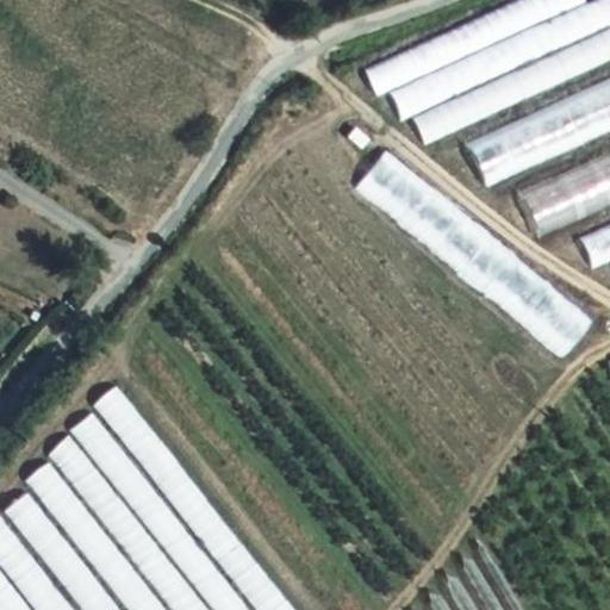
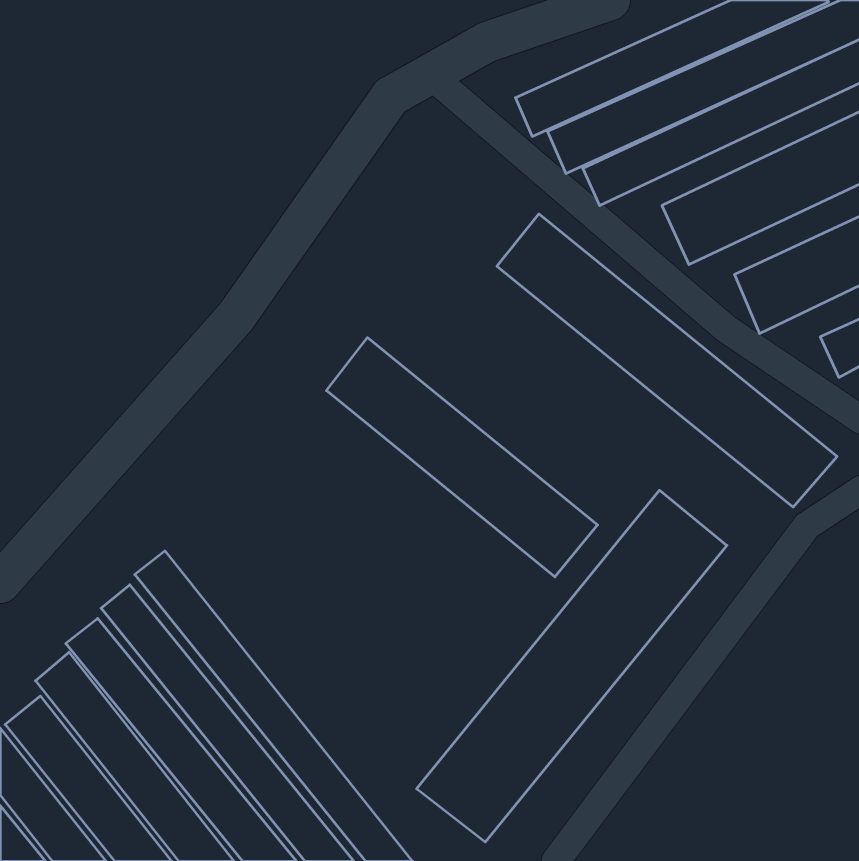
building: none -> [326,338,598,577]
building: none -> [417,490,727,842]

